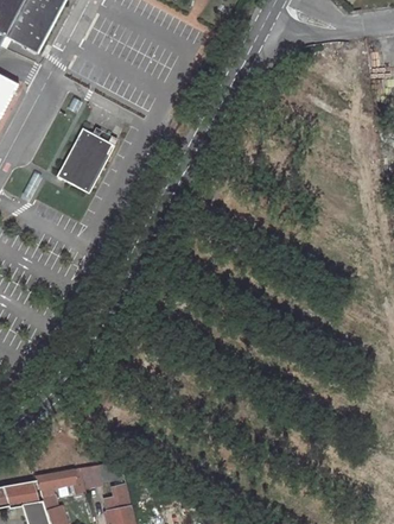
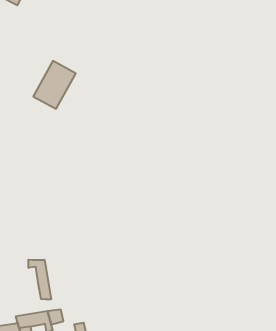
building: none -> [28,260,51,299]

